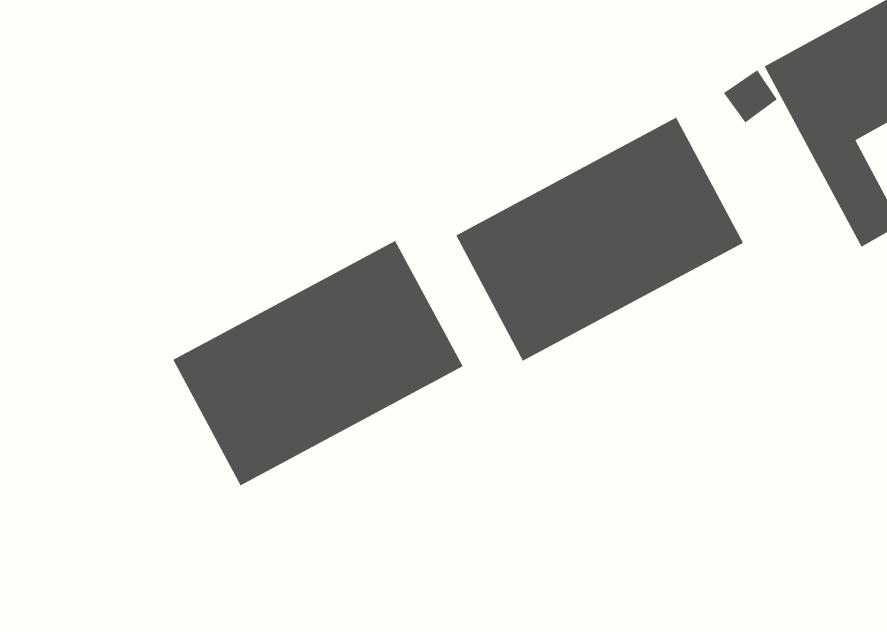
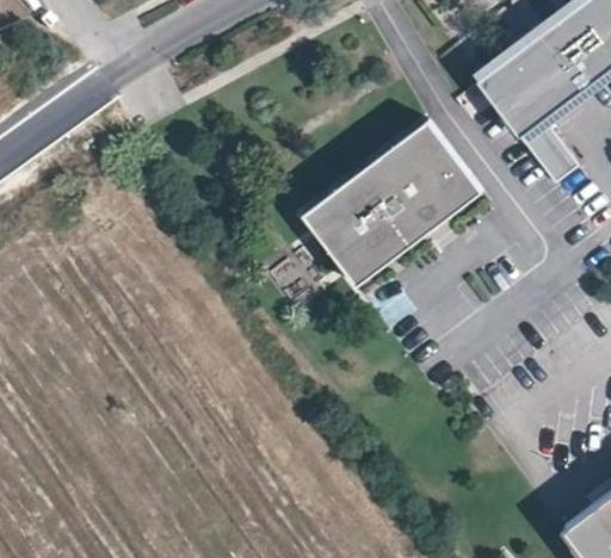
building: [172,240,464,486] -> none

